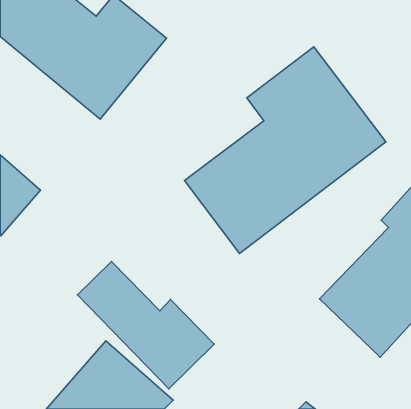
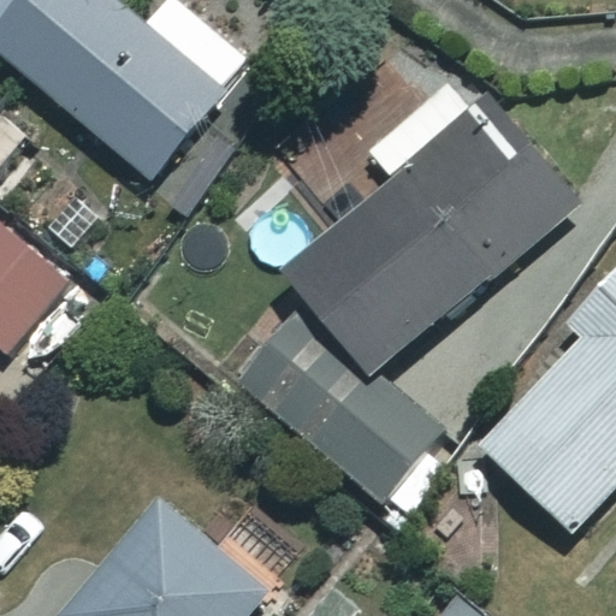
building: [77,262,214,389] -> [250,338,454,527]

